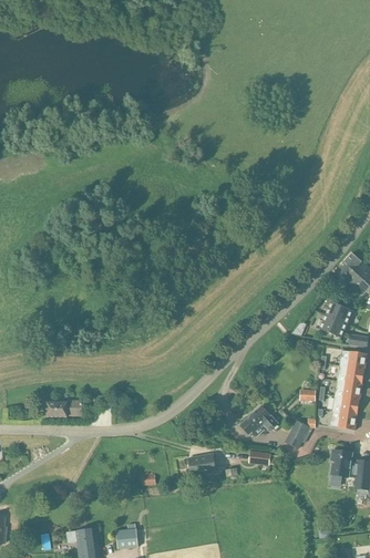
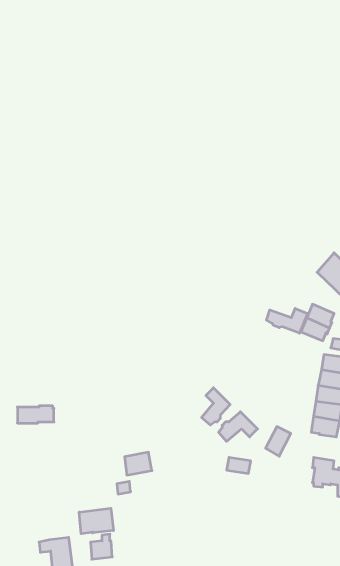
building: none -> [266,308,308,333]
building: none -> [202,388,230,425]
building: [189,453,216,475] -> [125,452,152,475]
building: none -> [79,508,113,534]

